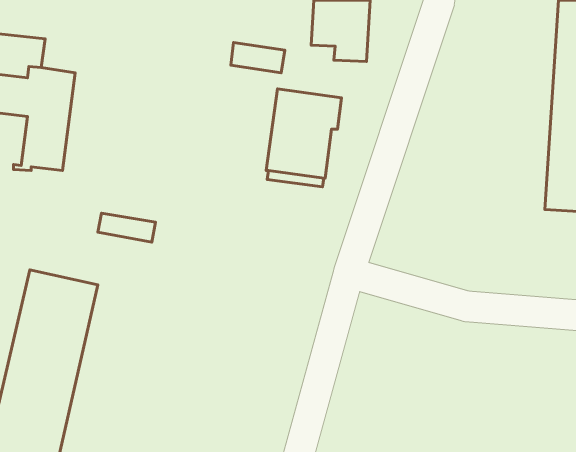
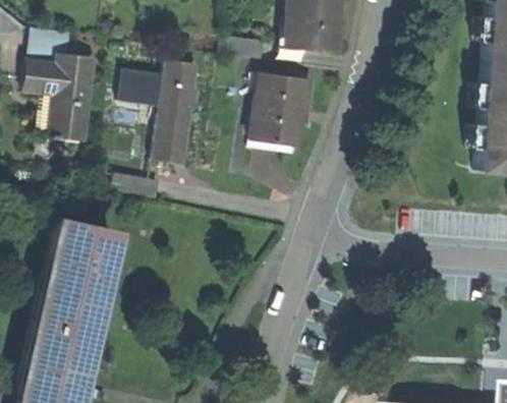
building: none -> [122,60,200,163]

